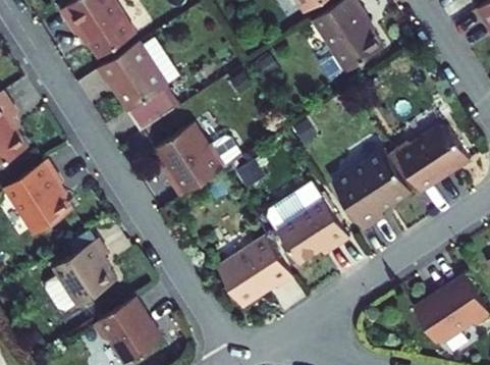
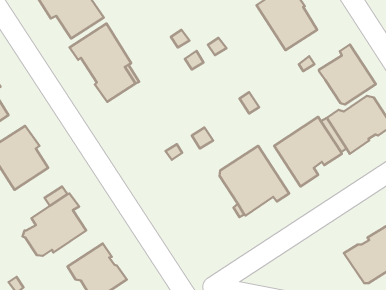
building: none -> [319,45,376,104]
building: [155,124,242,198] -> none
building: [217,237,293,307] -> none

